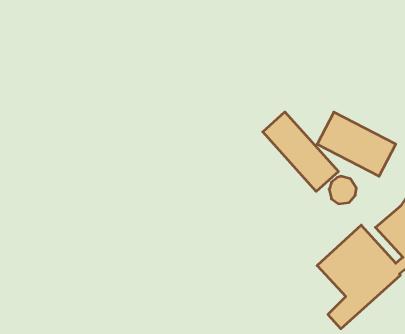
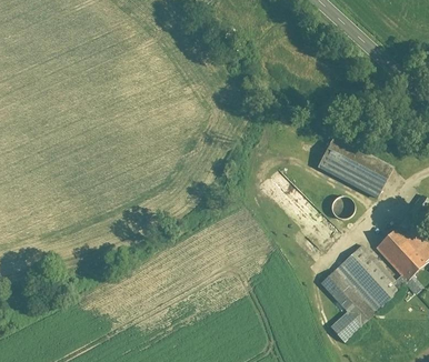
building: [263,112,338,191] -> none

